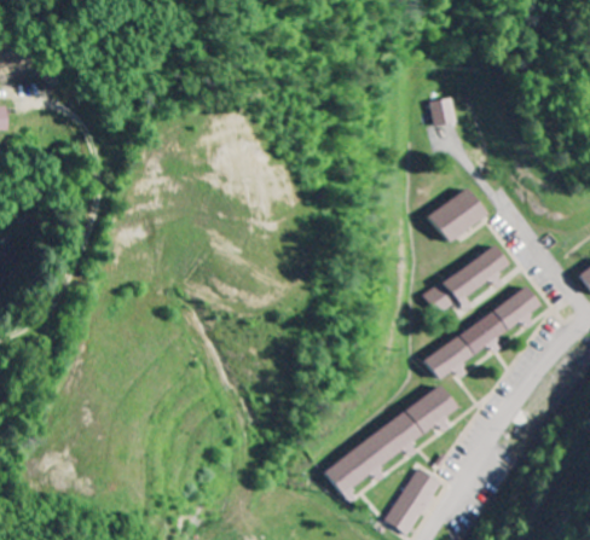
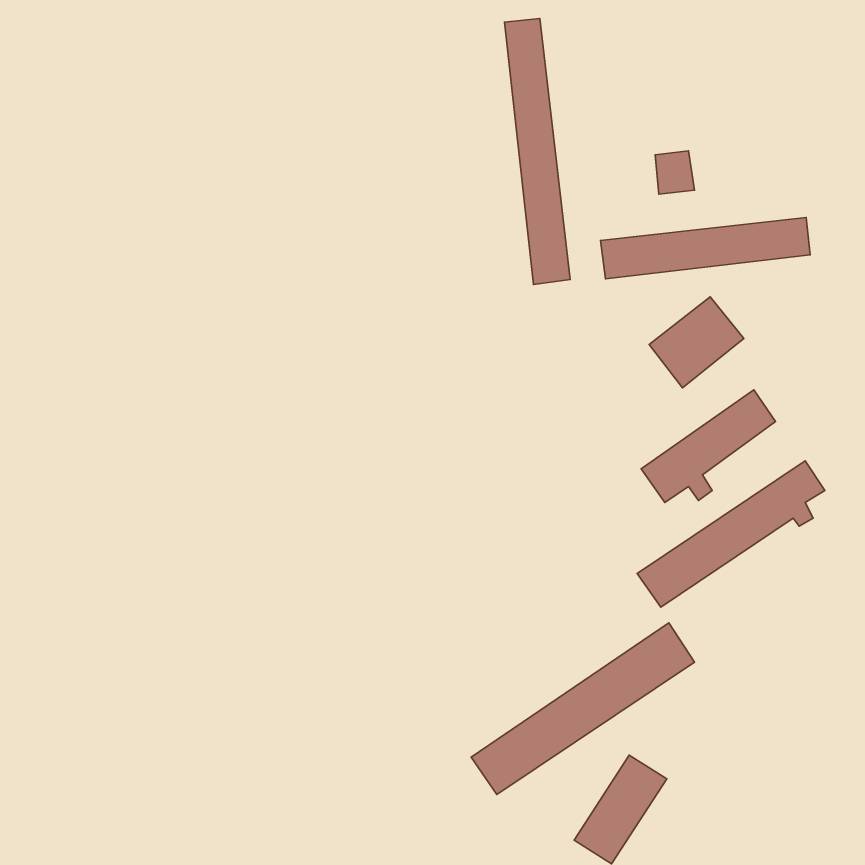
building: none -> [504,19,570,285]
building: none -> [600,218,810,279]

